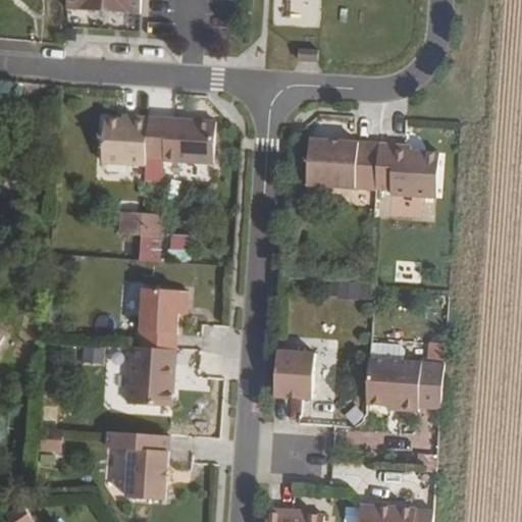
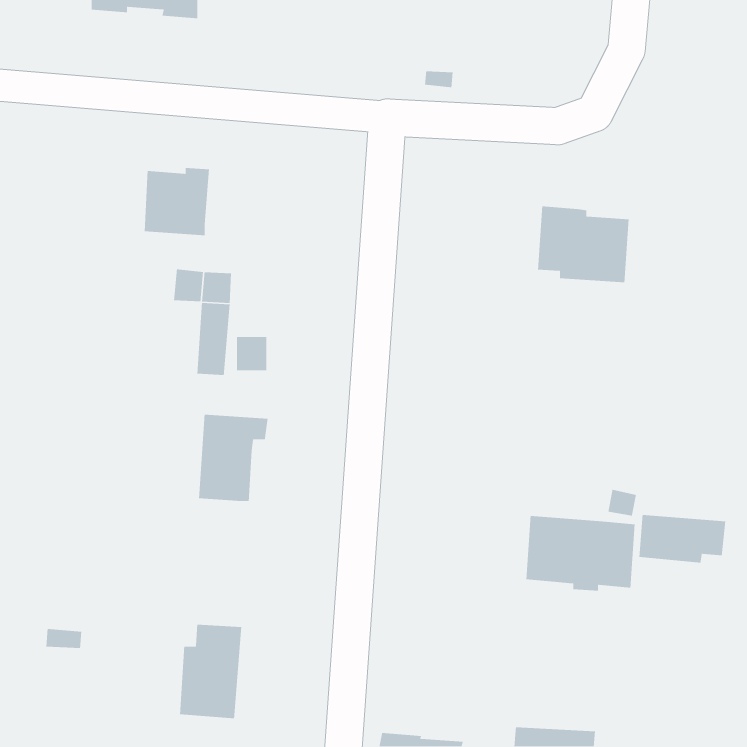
building: [143,117,214,163] -> none
building: [305,138,376,189] -> none
building: [272,345,313,399] -> none
building: [125,346,172,406] -> none
building: none -> [638,514,726,563]

